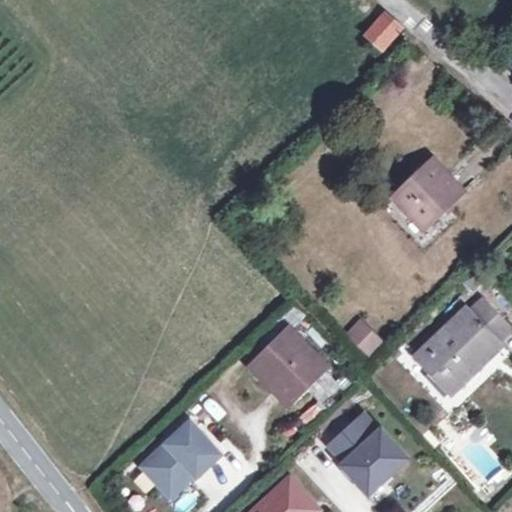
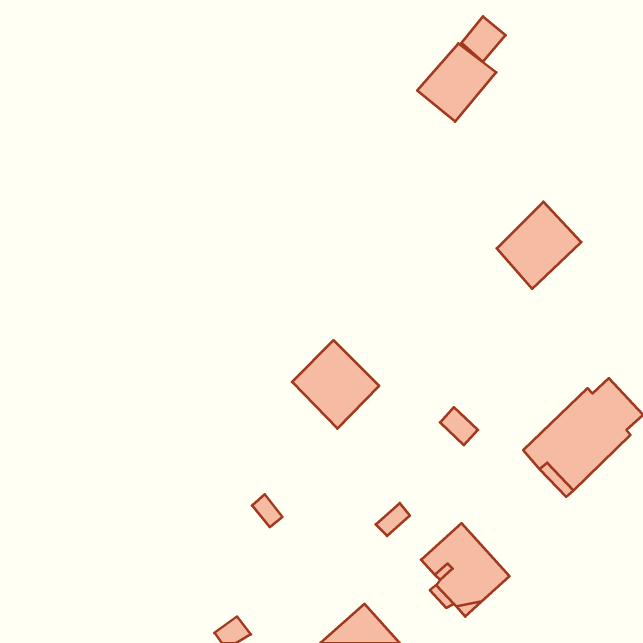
building: none -> [417,43,496,122]
building: [253,332,322,402] -> [292,340,379,429]
building: [141,422,218,497] -> none

